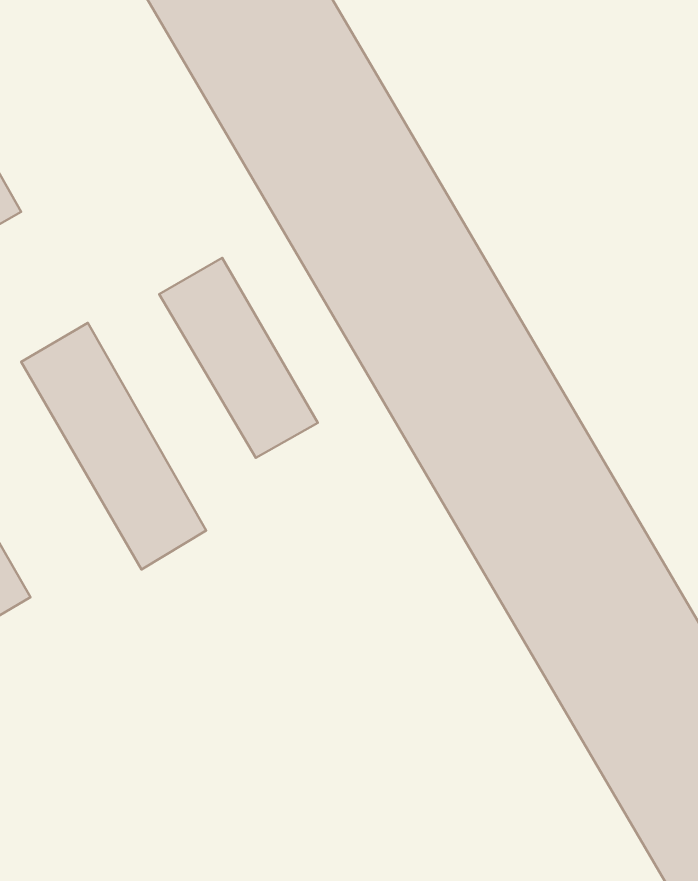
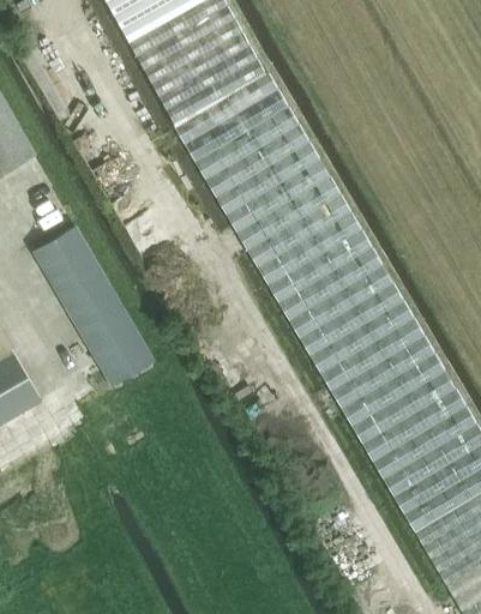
building: [159,258,318,458] -> none

